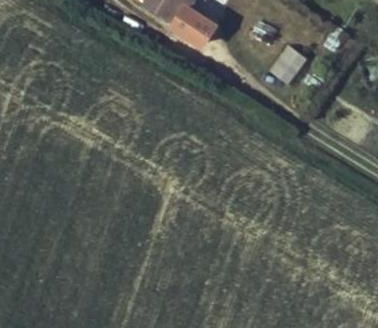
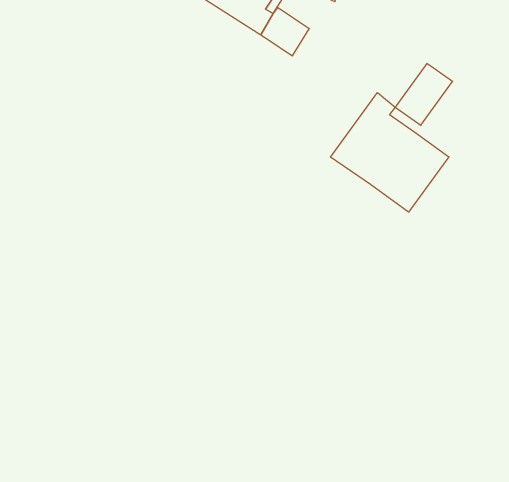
building: none -> [331,93,449,212]

